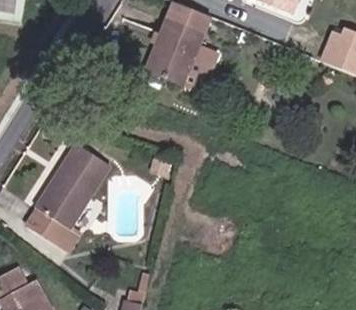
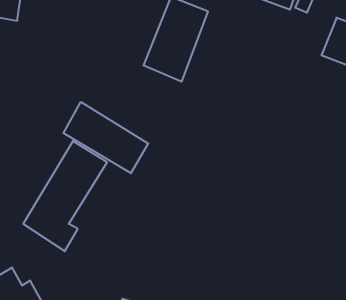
building: none -> [63,102,148,173]

